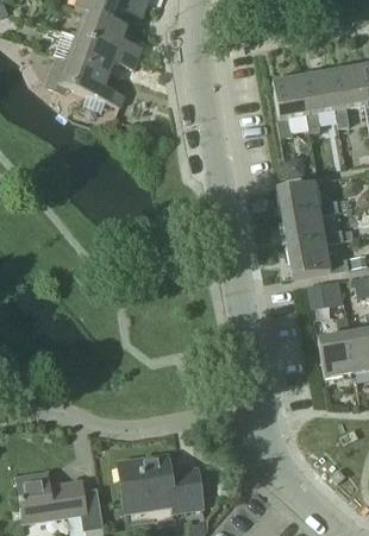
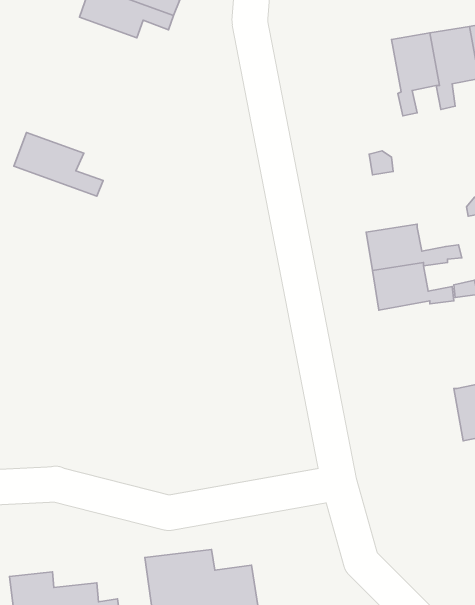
building: [60,57,126,105] -> [14,133,103,196]
building: [274,74,309,135] -> none
building: [277,182,339,217] -> none
building: [308,279,344,305] -> none
building: [319,317,356,378] -> none

